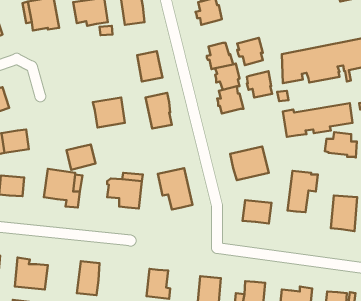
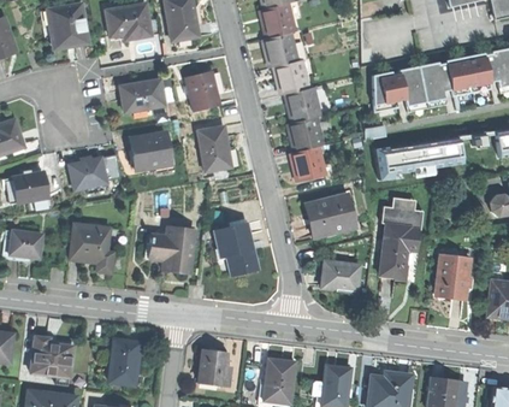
building: [237,38,263,65] -> [264,31,296,66]
building: none -> [119,77,164,111]
building: [247,71,272,97] -> [291,144,324,178]
building: [325,132,357,158] -> [380,197,421,230]
building: [66,145,96,170] -> [70,157,107,189]

